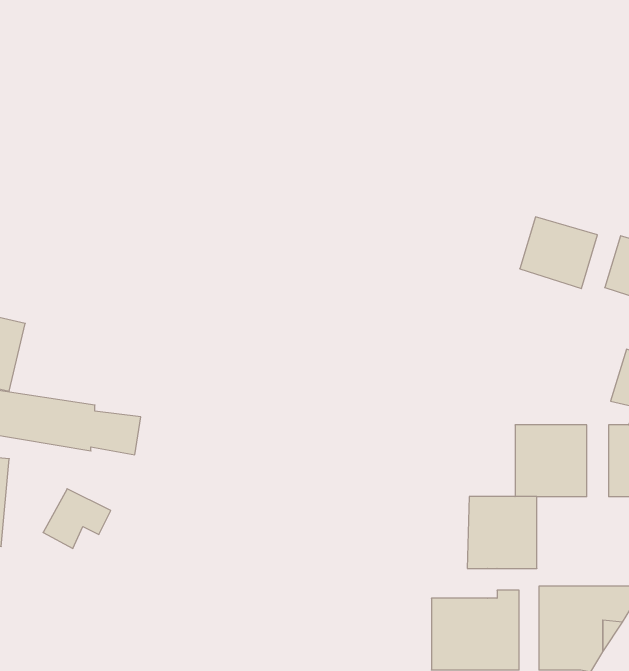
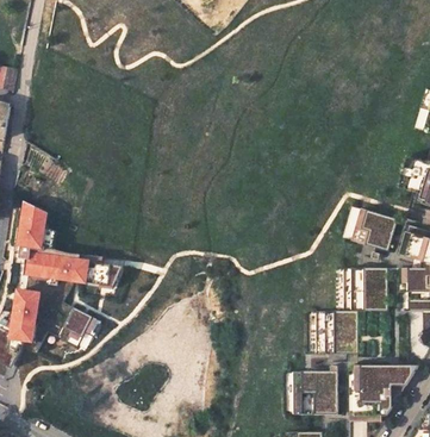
building: [520,217,597,289] -> [350,210,397,252]

